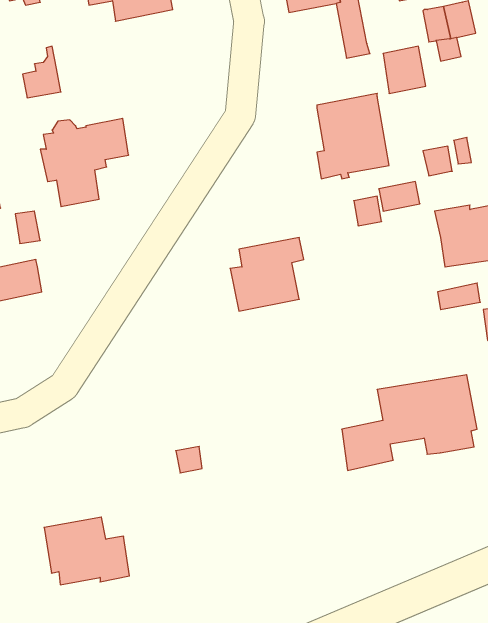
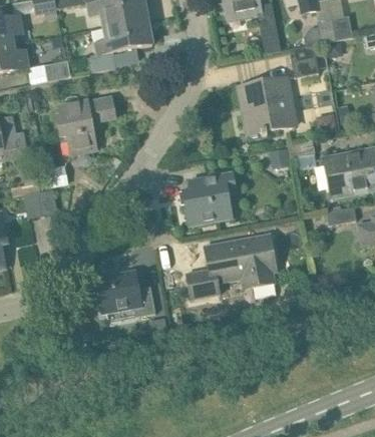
building: none -> [87,18,151,70]
building: [342,375,477,470] -> [185,234,278,299]
building: [44,517,129,585] -> [97,273,155,319]

